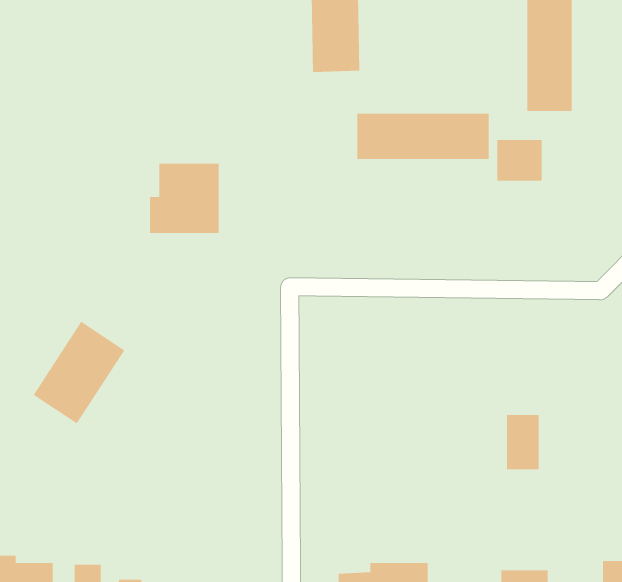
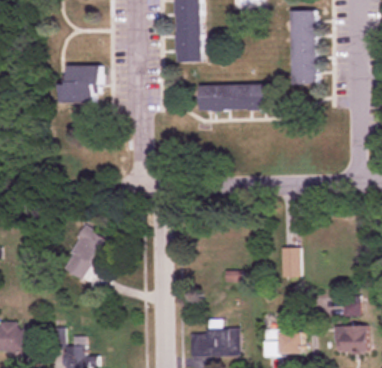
building: [497,139,542,181] -> none
building: [149,163,219,234] -> [61,65,99,103]
building: [33,321,125,424] -> [59,225,109,281]

